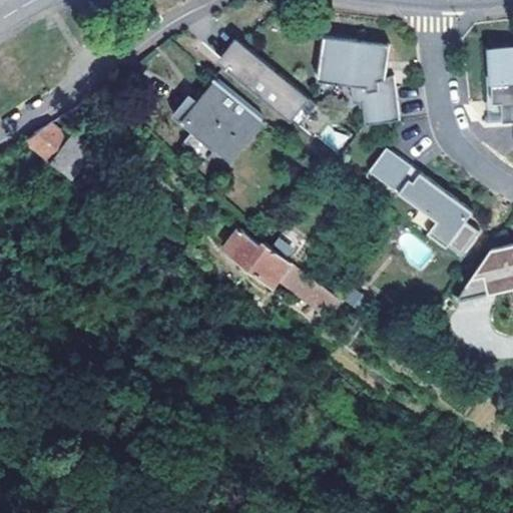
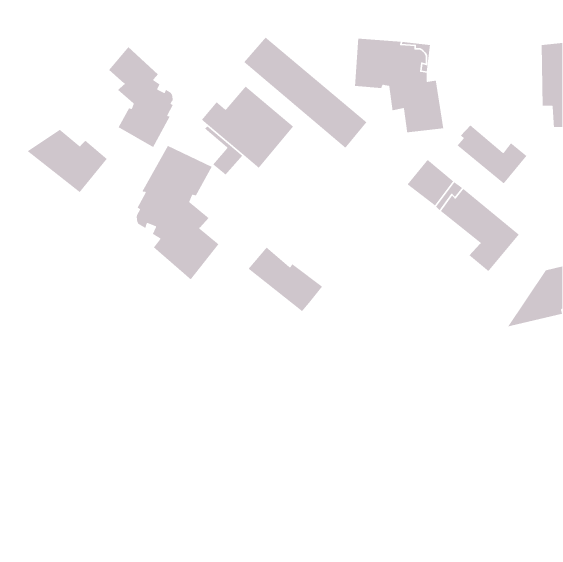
building: none -> [108,46,174,148]
building: none -> [457,124,528,184]
building: none -> [136,145,220,281]
building: [280,264,343,319] -> none

